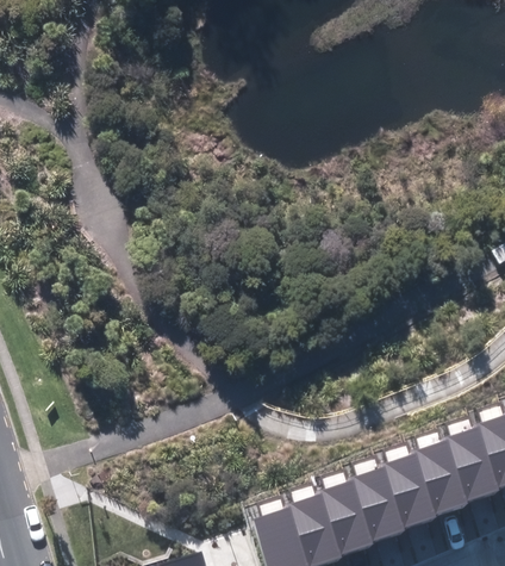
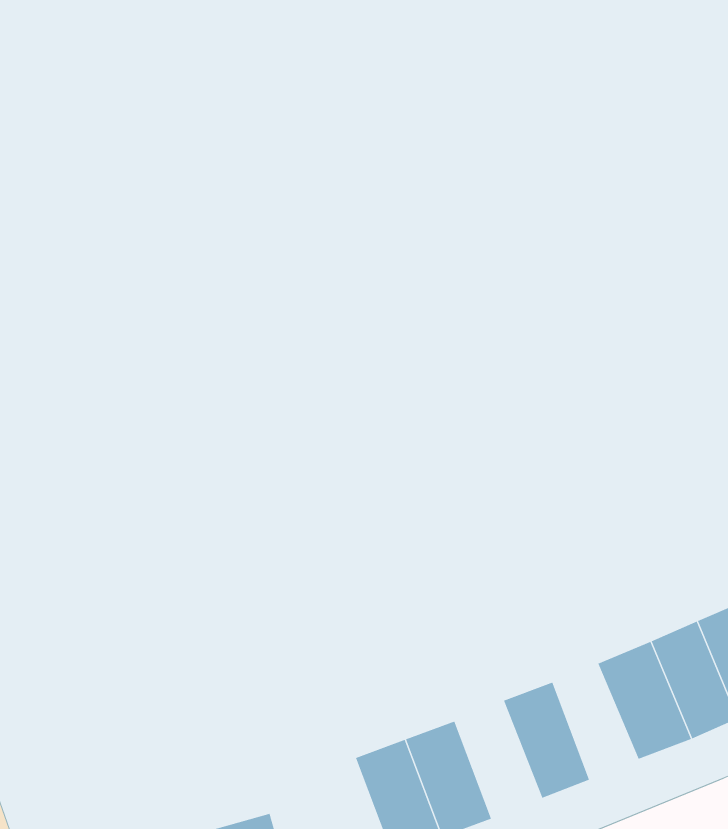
building: [382,455,437,530] -> none
building: [319,479,375,555] -> none

